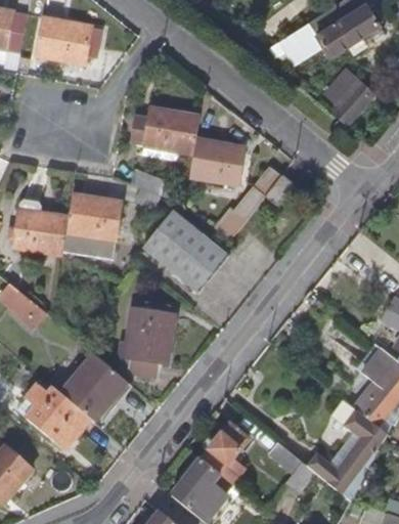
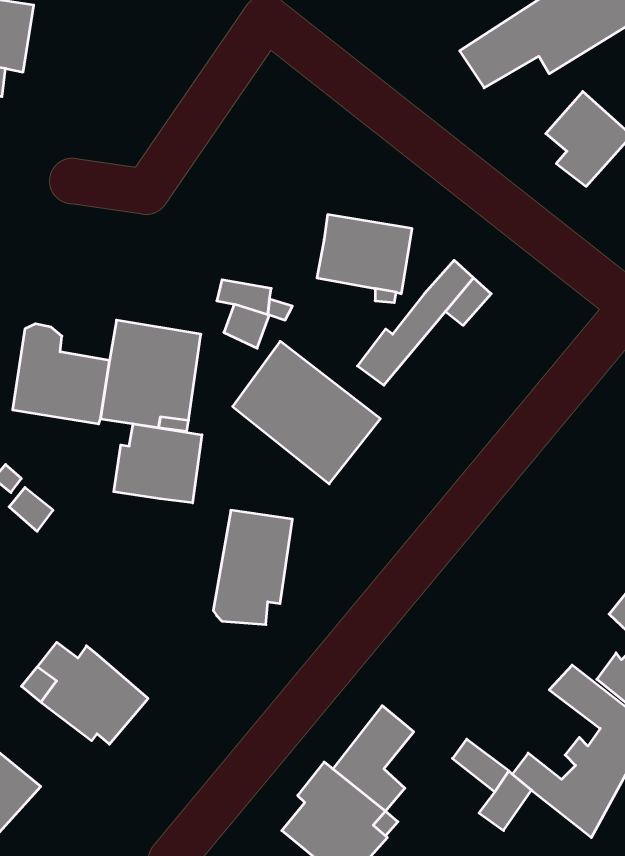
building: [36,18,104,73] -> none
building: [132,105,201,158] -> none
building: none -> [114,424,202,503]
building: [62,353,128,420] -> none

